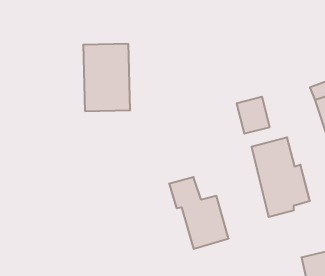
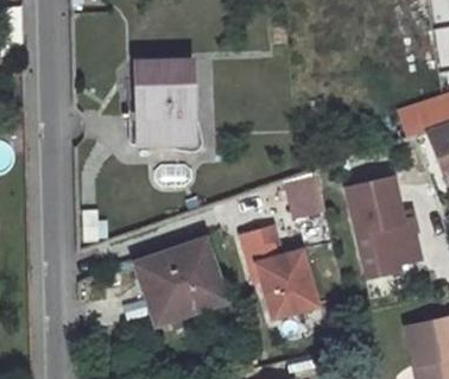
building: [237,97,270,134] -> [285,173,327,220]
building: none -> [138,242,223,321]

